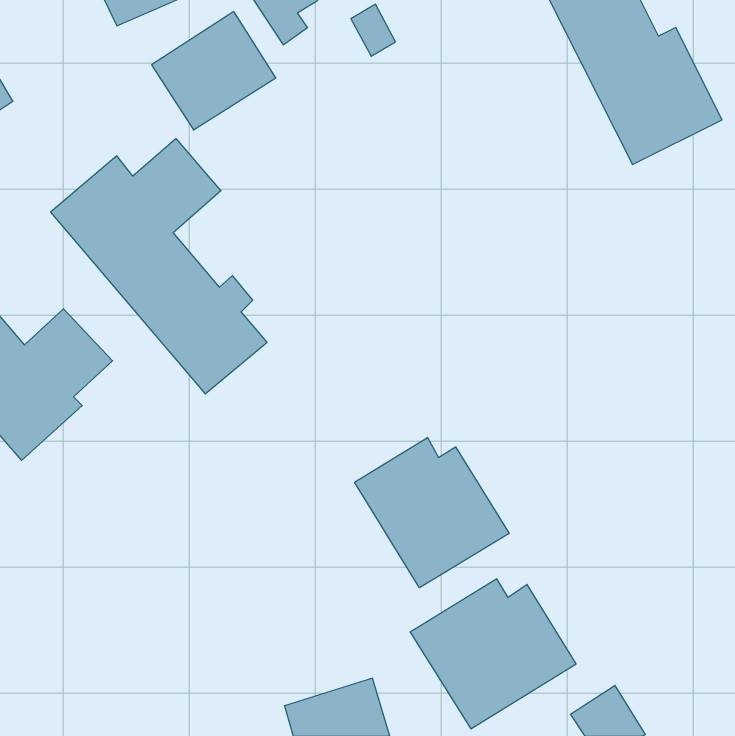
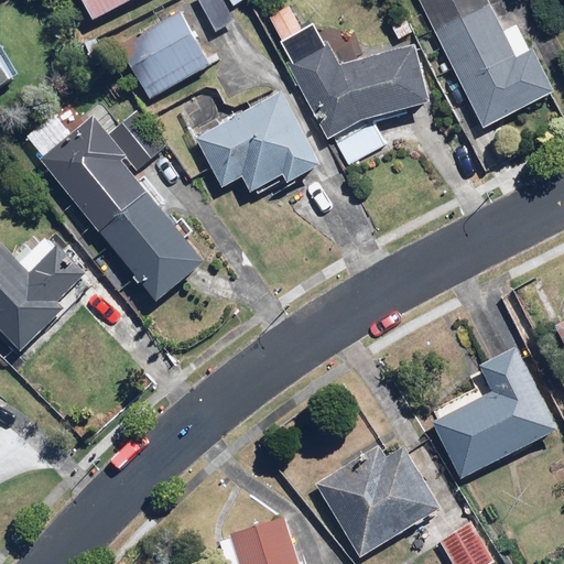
building: none -> [285,41,431,165]
building: none -> [195,90,321,193]
building: [355,437,509,588] -> none
building: none -> [429,347,556,479]

